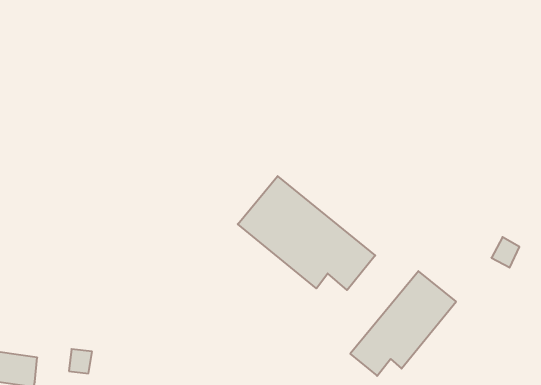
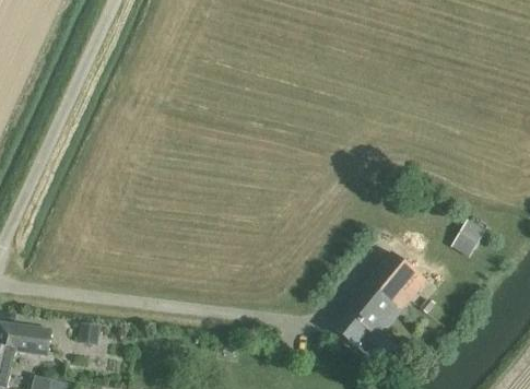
building: [238,176,375,290] -> none

